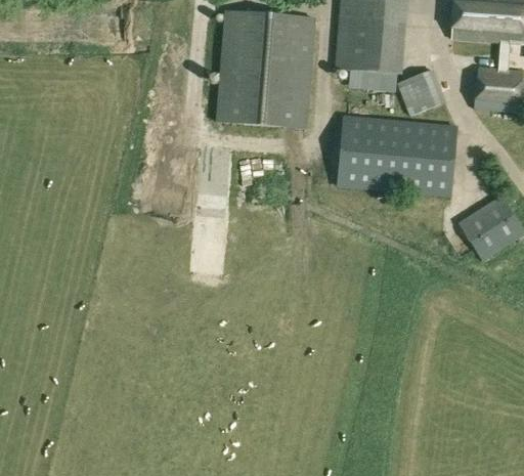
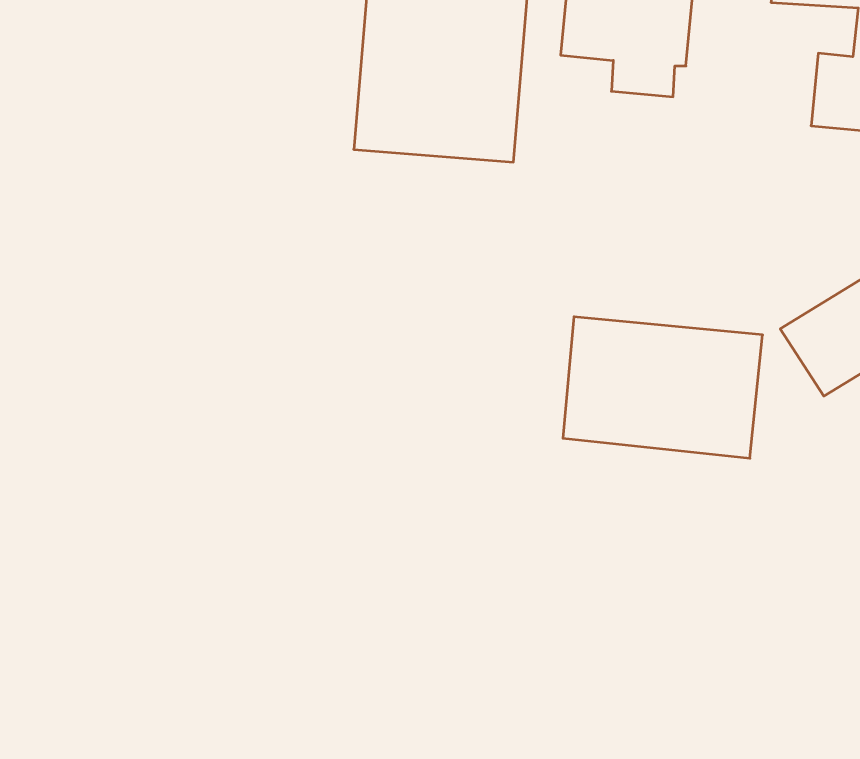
building: [397,69,445,116] -> none
building: [346,117,458,197] -> [563,317,763,458]

